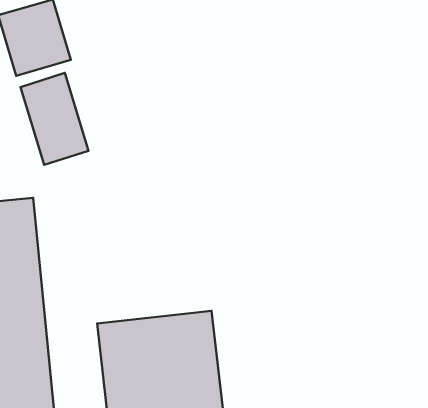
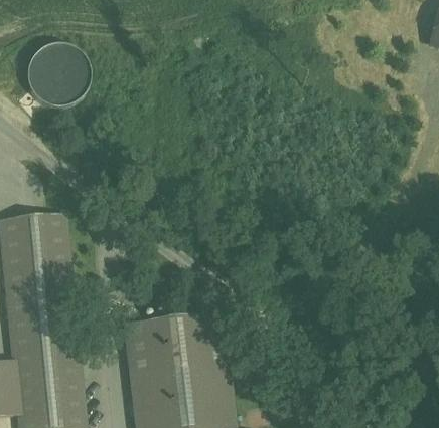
building: [21,73,88,165] -> none

